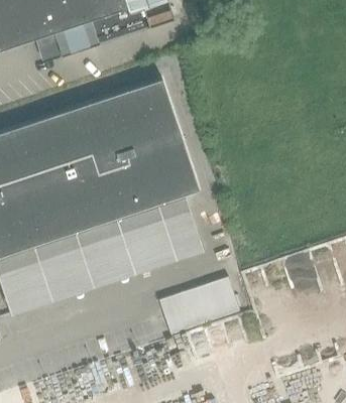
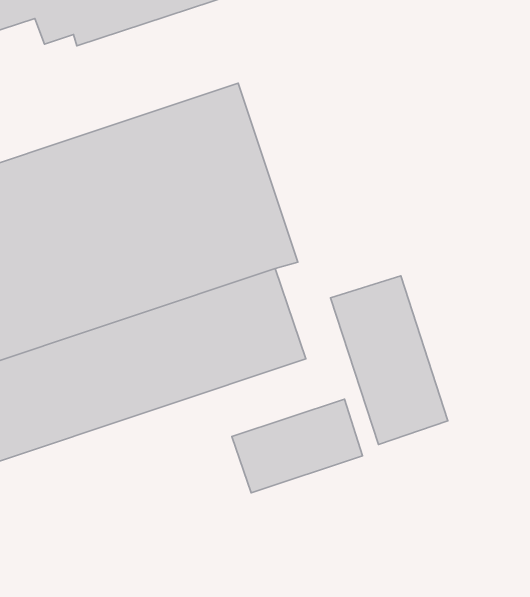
building: none -> [330,276,448,445]

